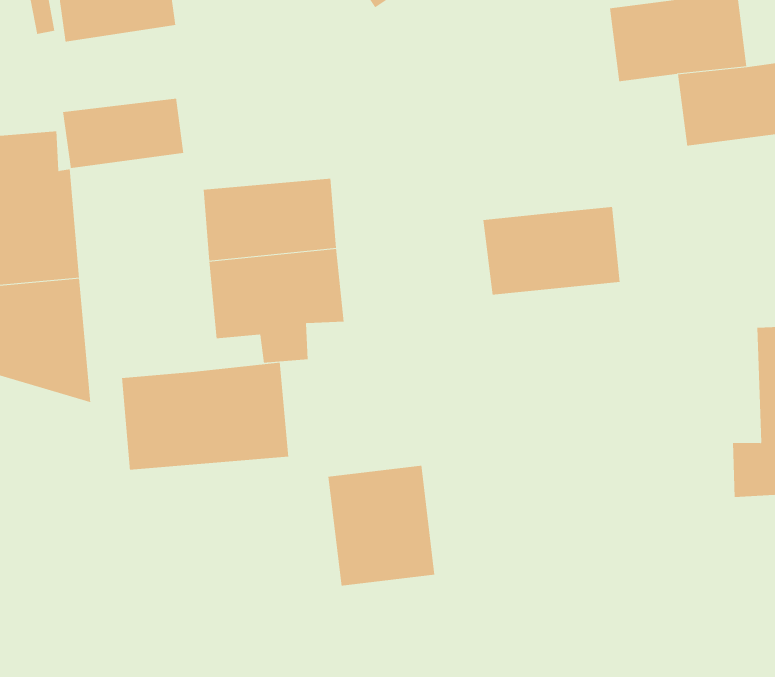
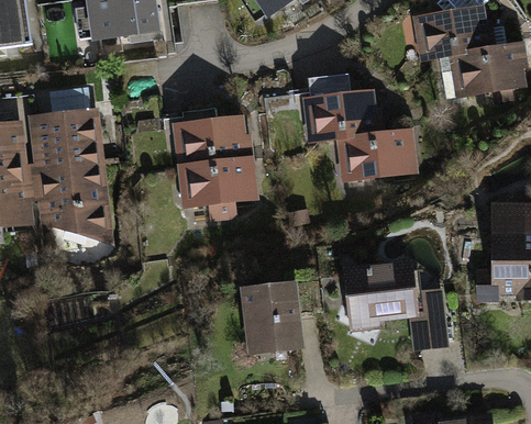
building: [63,98,184,169] -> none
building: none -> [299,88,377,142]
building: [121,362,289,471] -> none
building: none -> [346,261,446,347]

